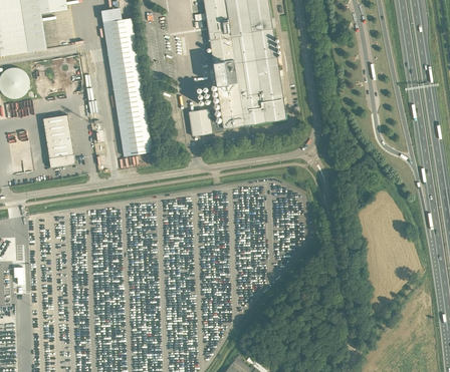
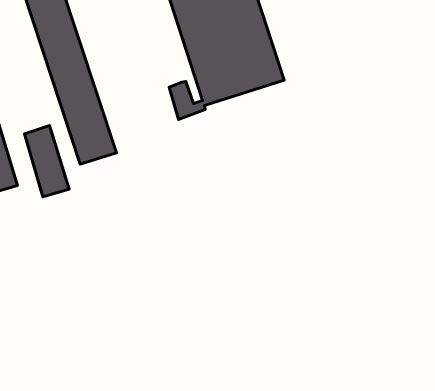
building: none -> [25,126,69,197]

